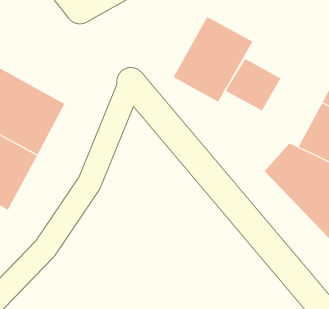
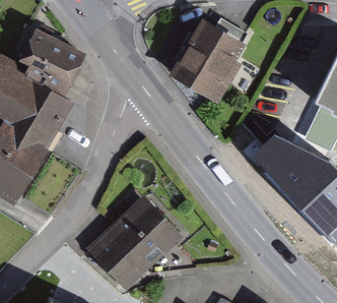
building: none -> [20,36,85,95]
building: [225,58,281,111] -> none
building: none -> [90,196,178,284]

